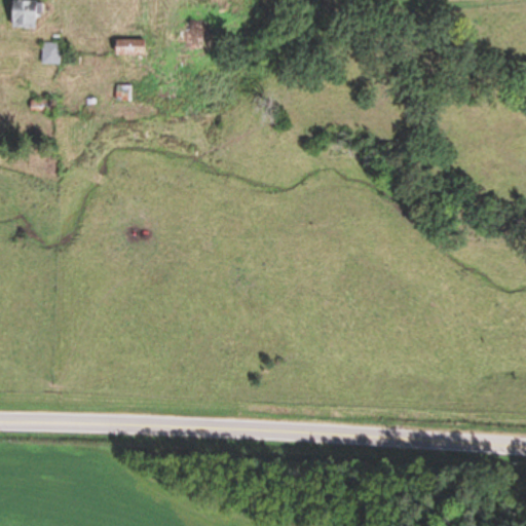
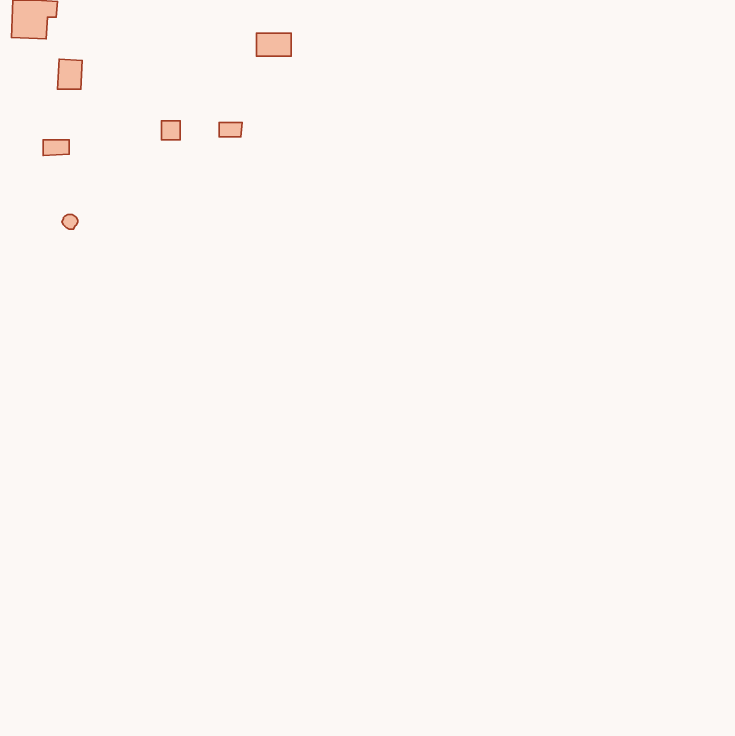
building: [115,39,144,53] -> none

